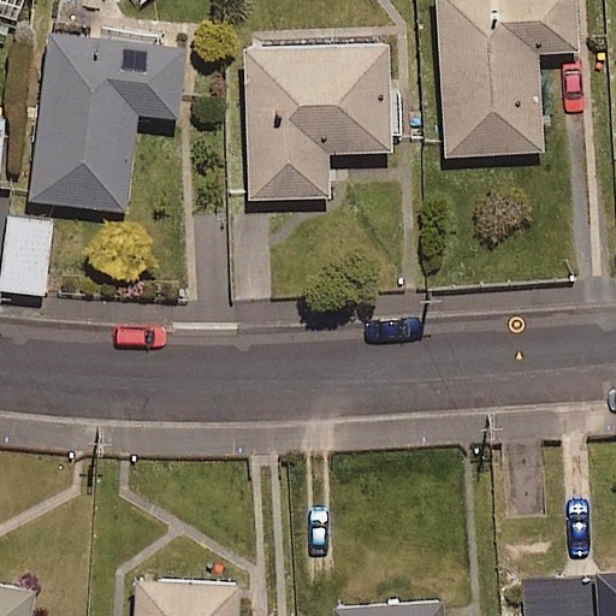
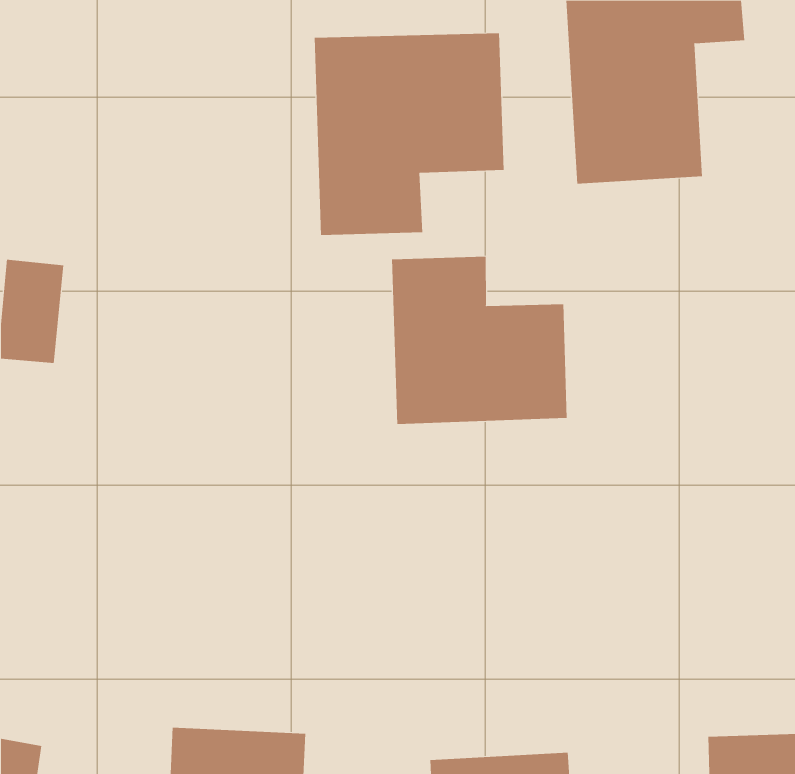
building: [29,29,185,212] -> none
building: none -> [391,256,567,425]

